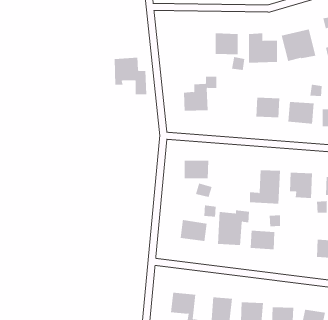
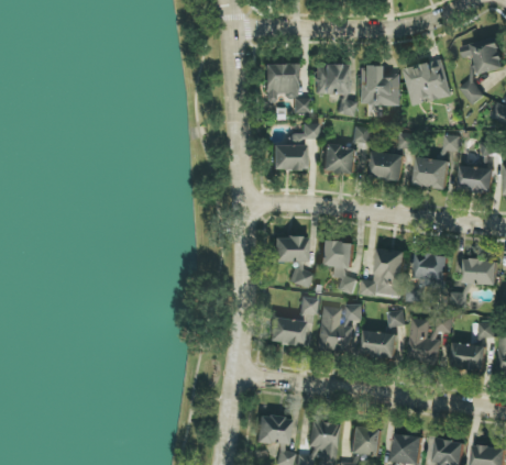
building: [114,57,147,95] -> [264,63,309,113]
building: none -> [322,126,370,174]
building: none -> [320,241,355,292]
building: none -> [408,315,453,362]

